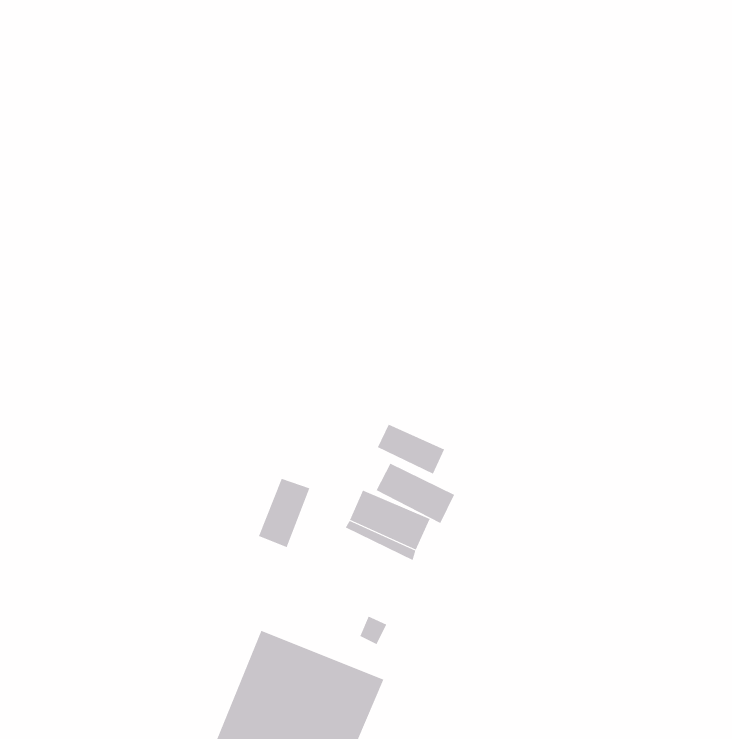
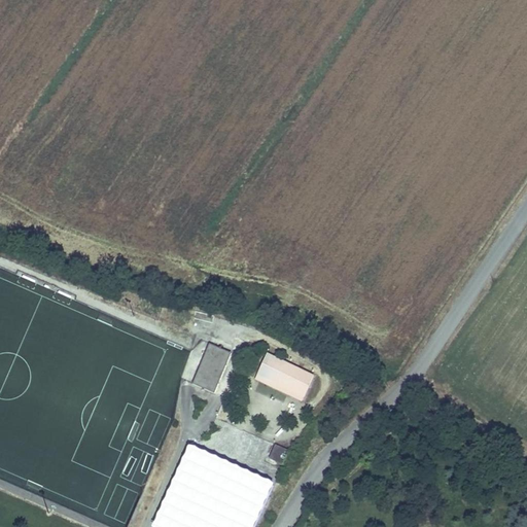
building: [377,424,445,474] -> none
building: [376,463,455,524] -> none

